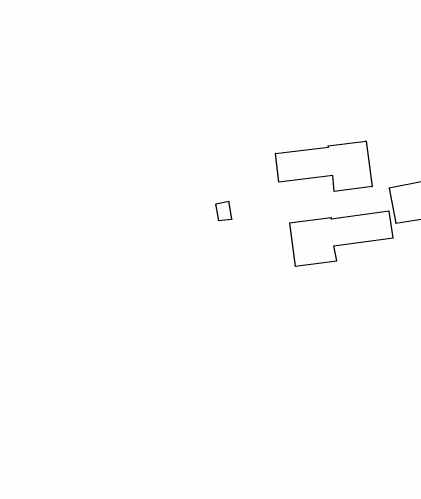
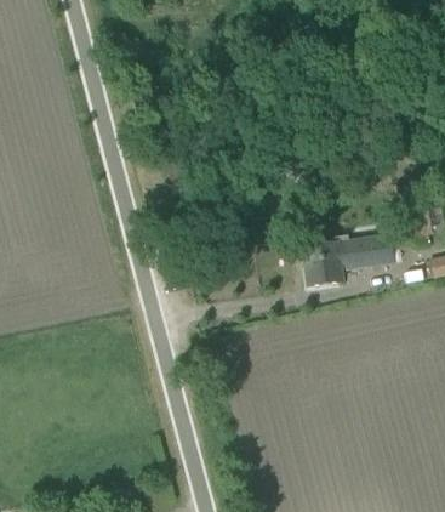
building: [276,141,372,191] -> none

